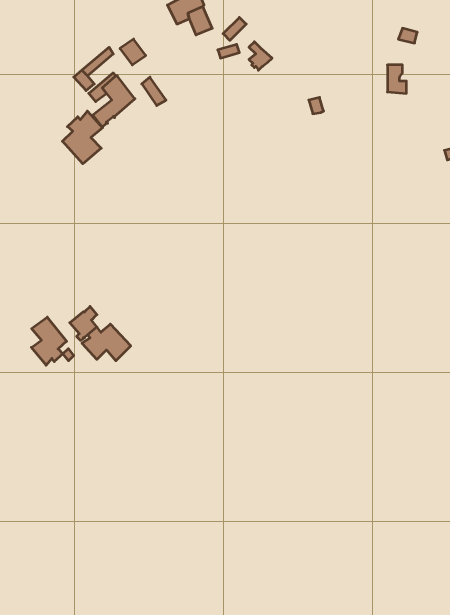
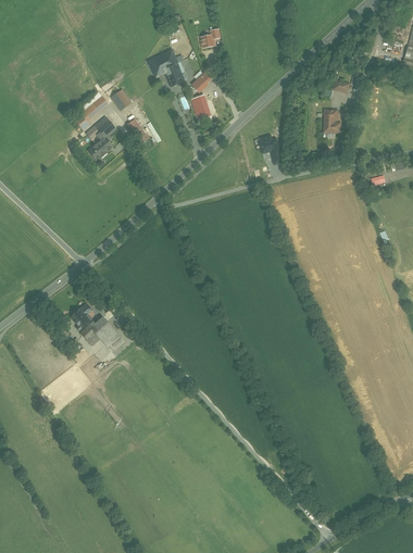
building: [62,111,103,164] -> none
building: [31,317,67,365] -> none

